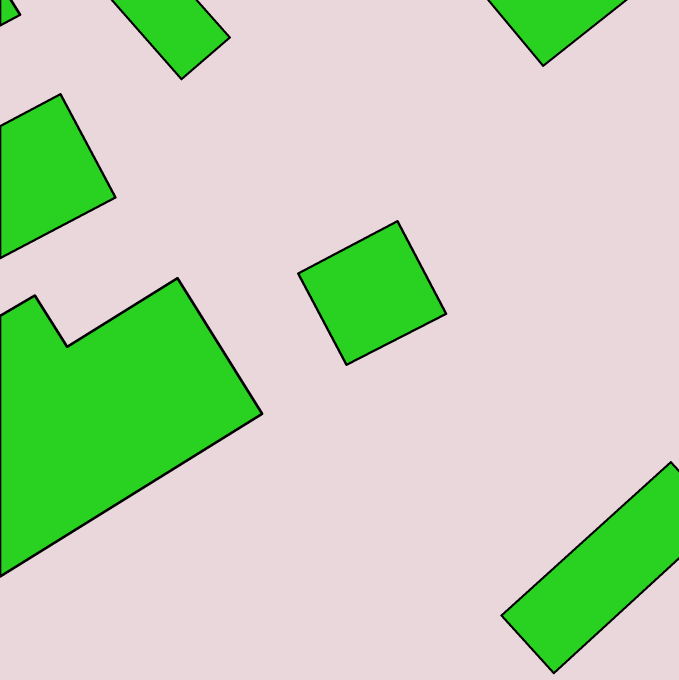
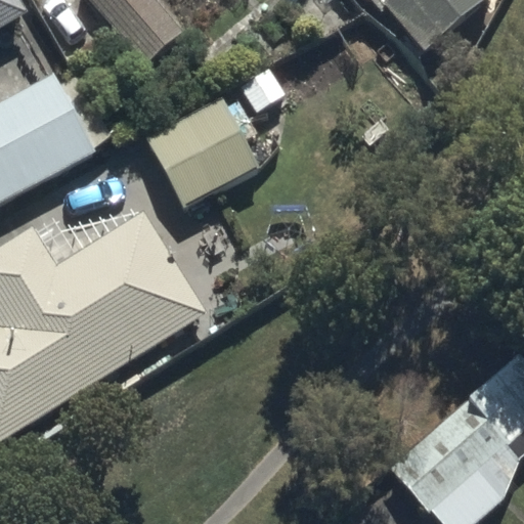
building: [298,221,446,365] -> [145,96,258,206]

